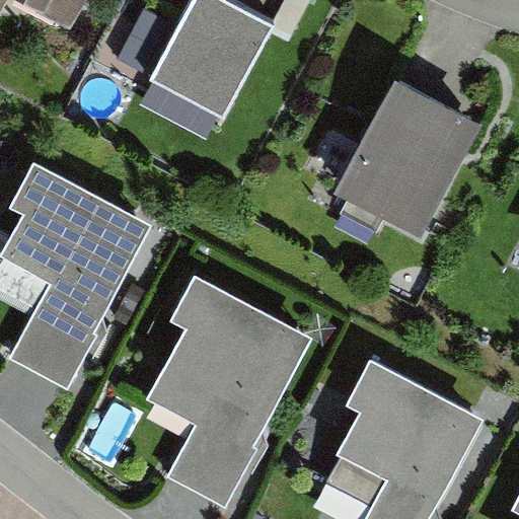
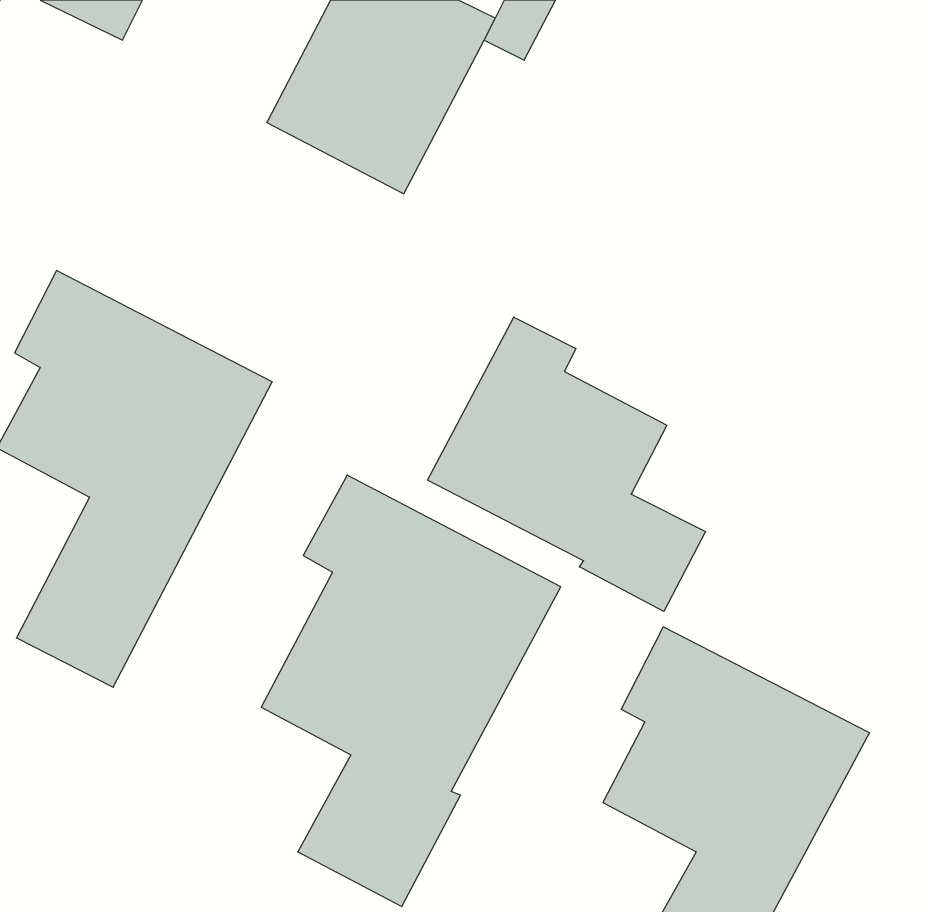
building: [332,74,483,238] -> none
building: none -> [427,317,706,611]

